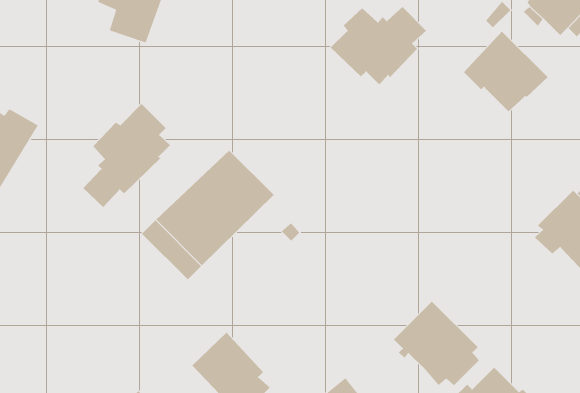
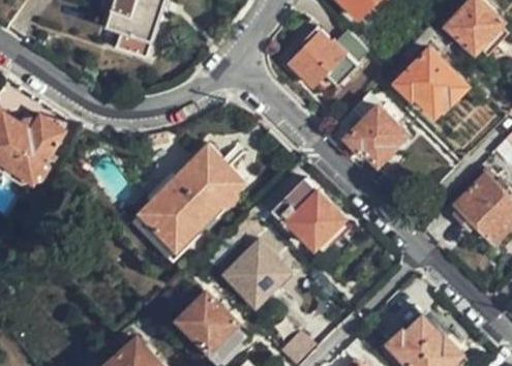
building: none -> [334,96,402,166]
building: [83,103,171,208] -> none
building: none -> [224,241,289,304]
building: [393,301,480,386] -> [275,182,344,250]

